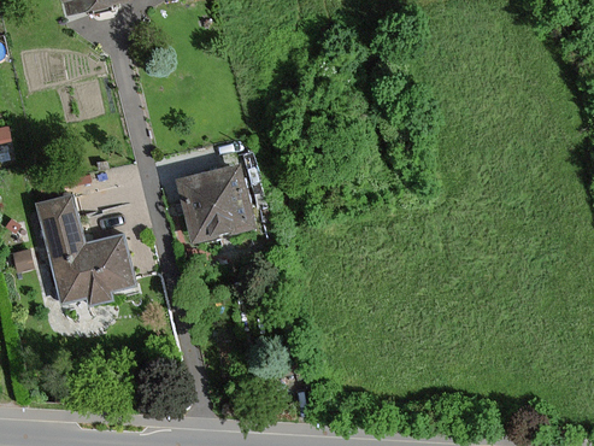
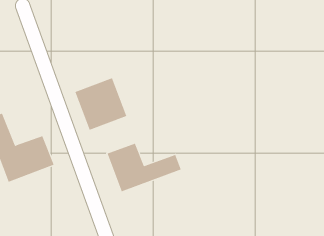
building: none -> [107,143,181,192]

